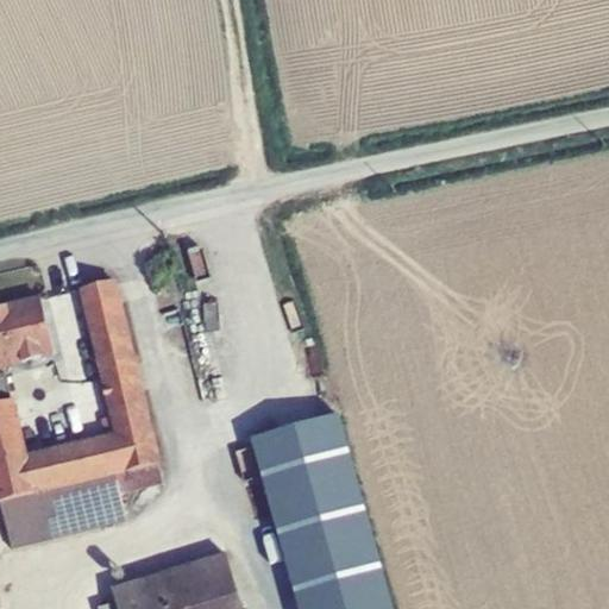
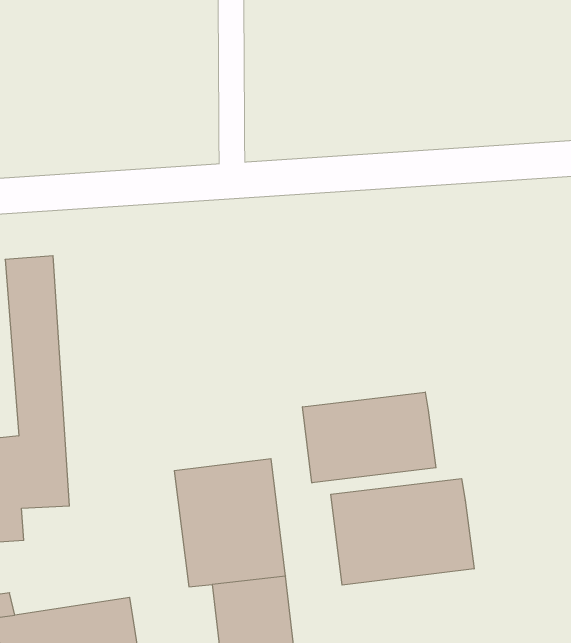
building: none -> [303,392,436,483]
building: none -> [331,479,474,585]

